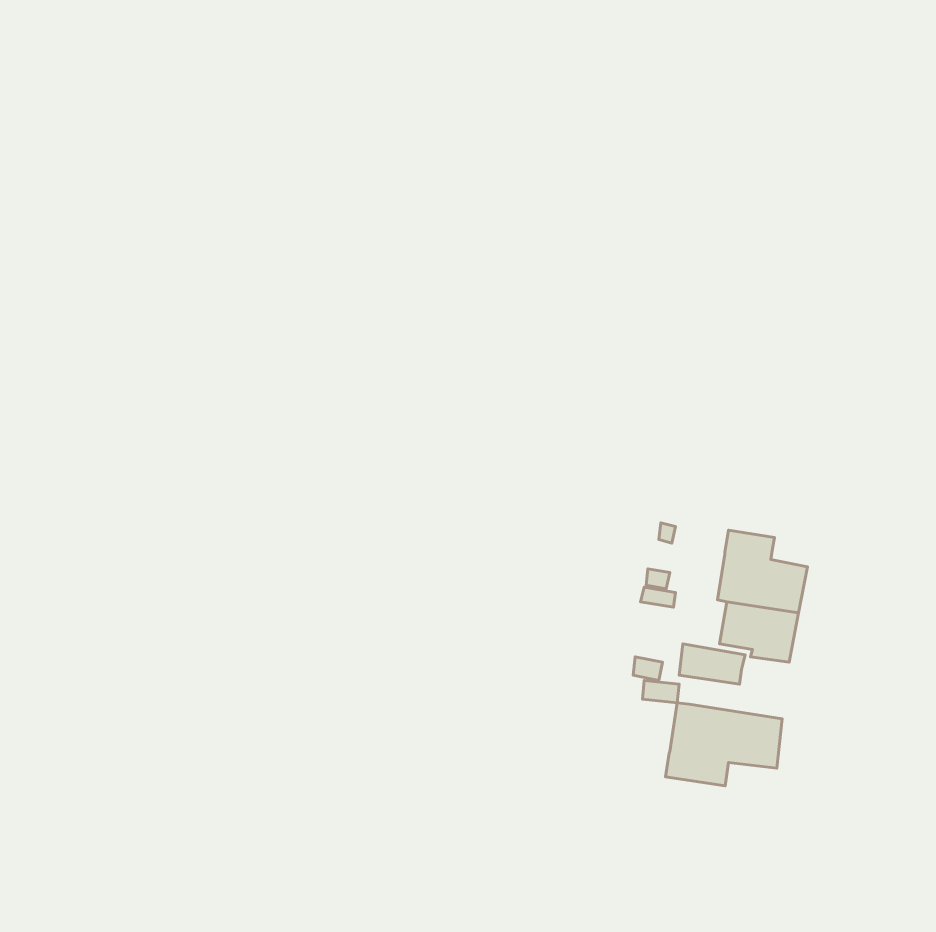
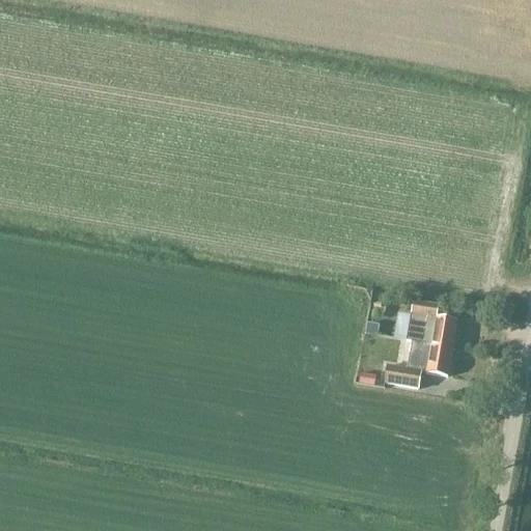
building: [666,703,782,786] -> none

